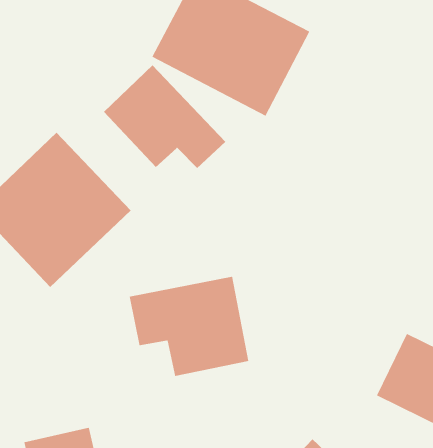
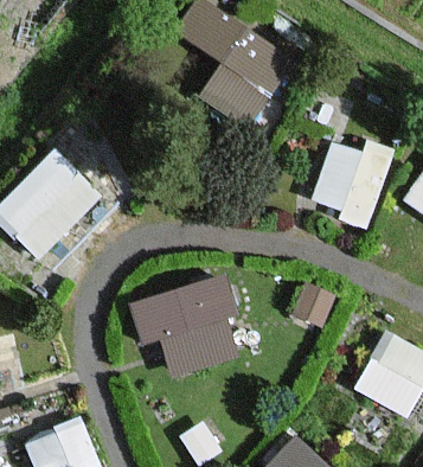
building: [103,65,226,169] -> none
building: none -> [310,137,395,229]

